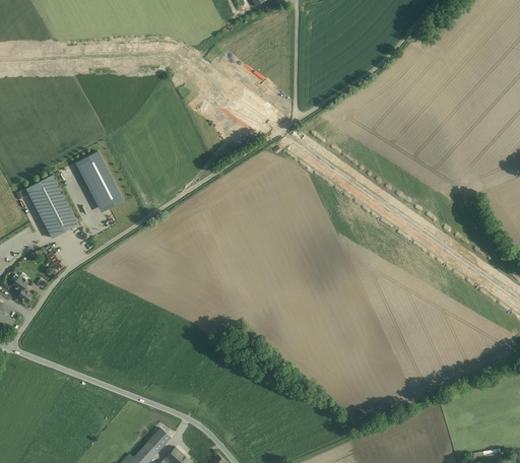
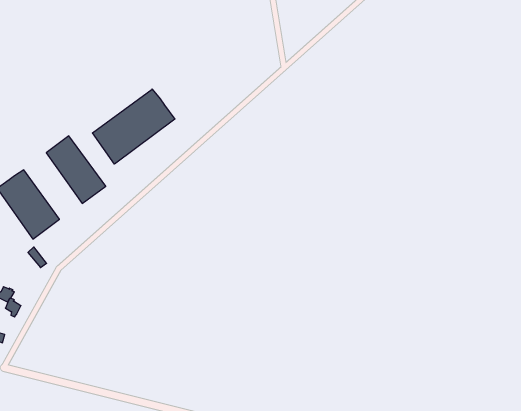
building: none -> [92,89,175,164]

